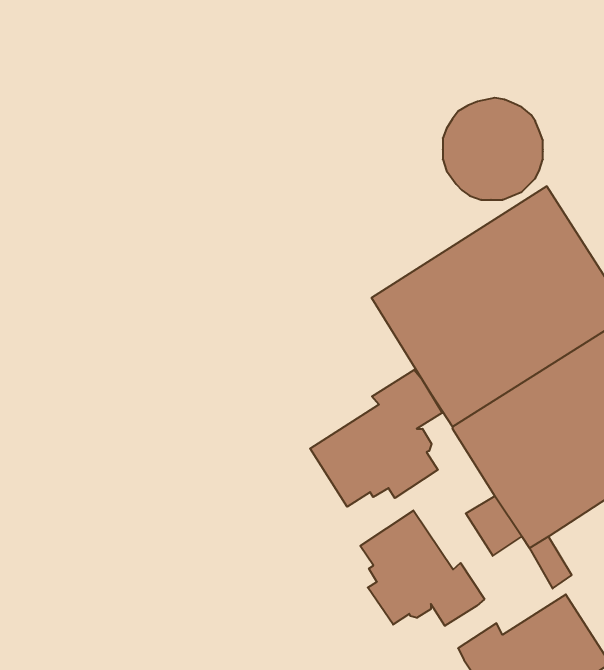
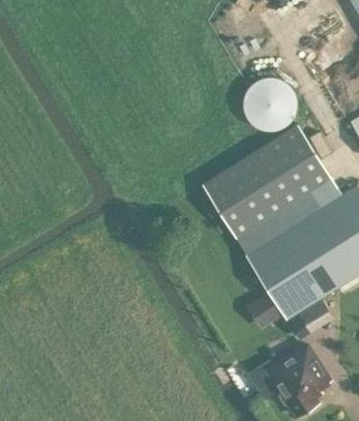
building: [310,370,442,507] -> none
building: [360,510,484,626] -> none

